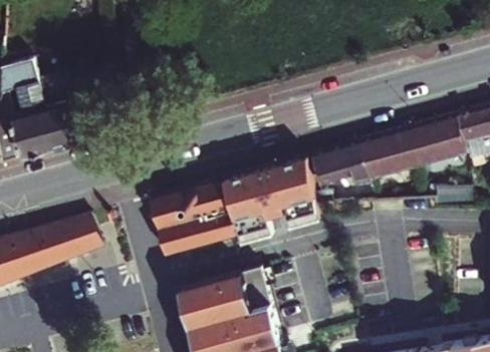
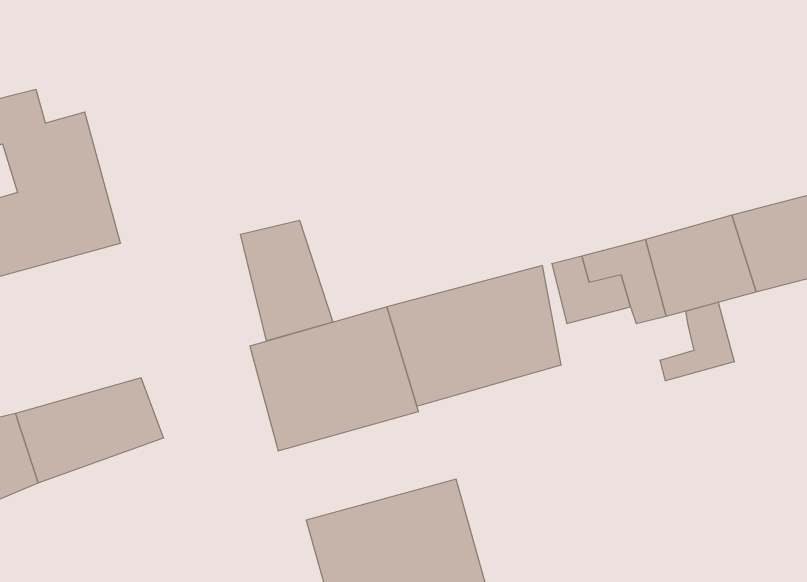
building: none -> [241,220,333,341]
building: none -> [660,302,734,381]

